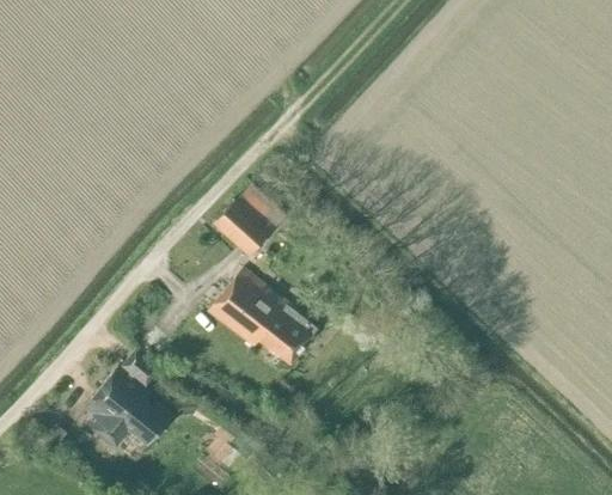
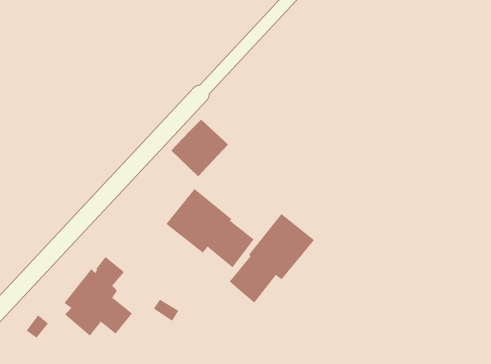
building: none -> [229,213,315,304]

